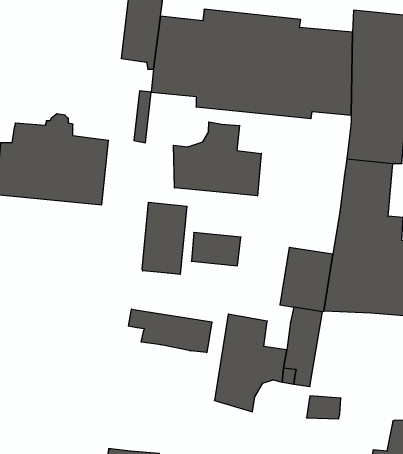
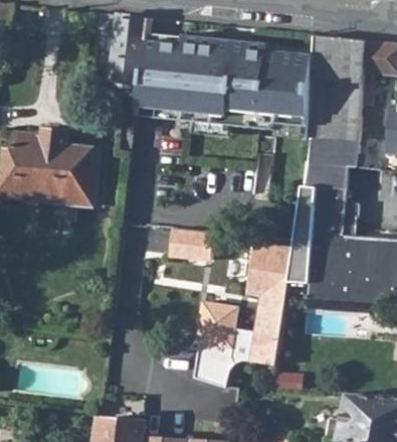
building: [174,122,261,196] -> none
building: [142,202,187,274] -> none
building: [128,309,212,353] -> none

